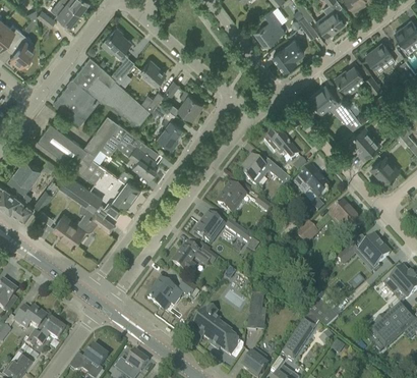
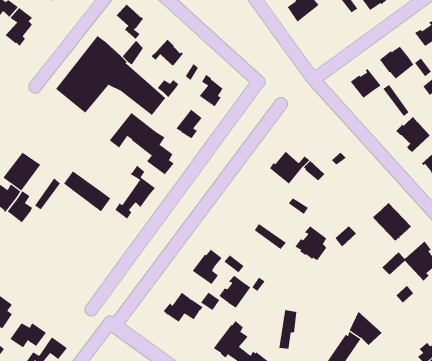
building: [273,39,303,70] -> none
building: [38,117,119,182] -> none
building: [264,128,298,160] -> none
building: [294,167,331,199] -> none
building: [217,183,245,214] -> [295,226,327,261]
building: [53,208,114,247] -> none
building: [195,213,224,242] -> [219,275,251,309]

